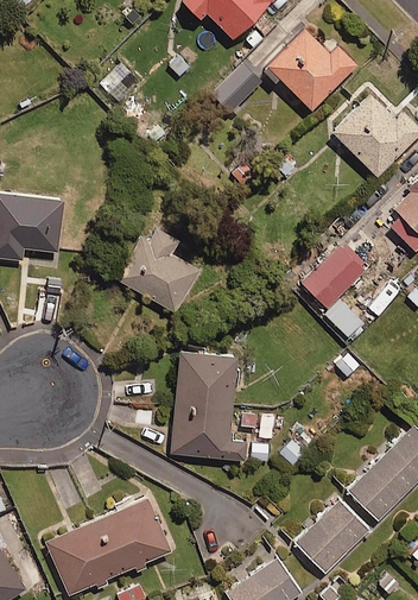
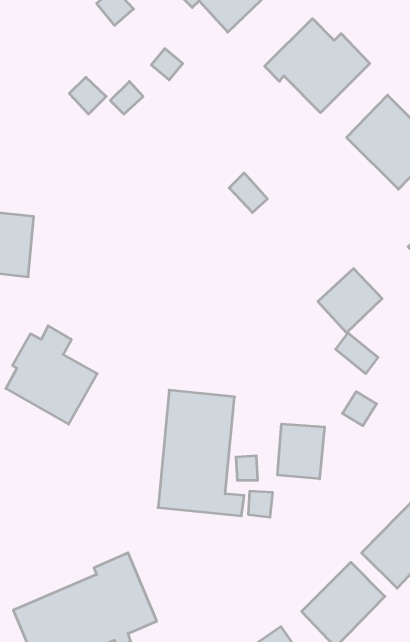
building: [213,62,262,113] -> none
building: [121,227,201,312] -> [6,326,97,424]
building: none -> [278,424,325,479]

